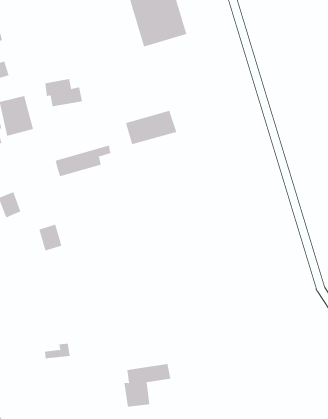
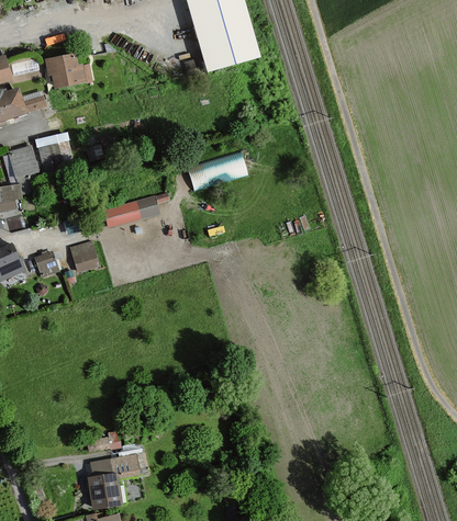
building: [44,78,83,107] -> [45,53,91,87]
building: [38,224,62,251] -> [69,239,98,272]
building: [124,363,171,407] -> [88,453,145,506]

